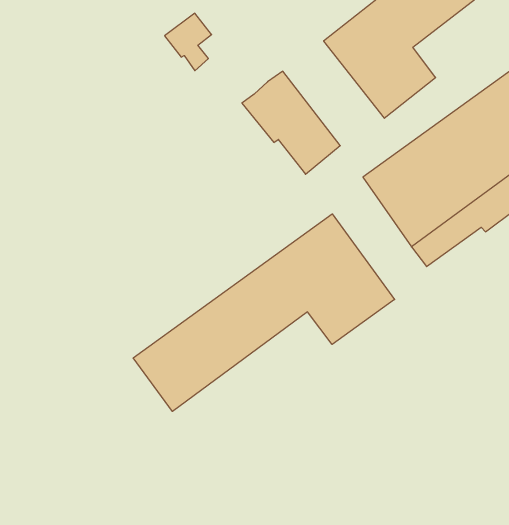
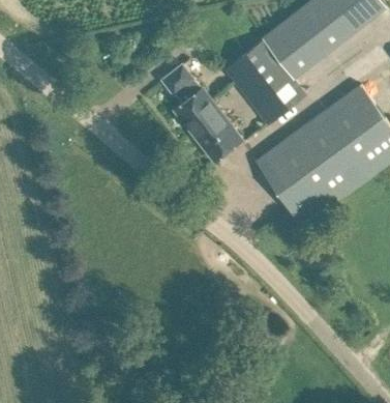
building: [165,13,212,71] -> [161,64,193,104]
building: [133,214,395,411] -> none

